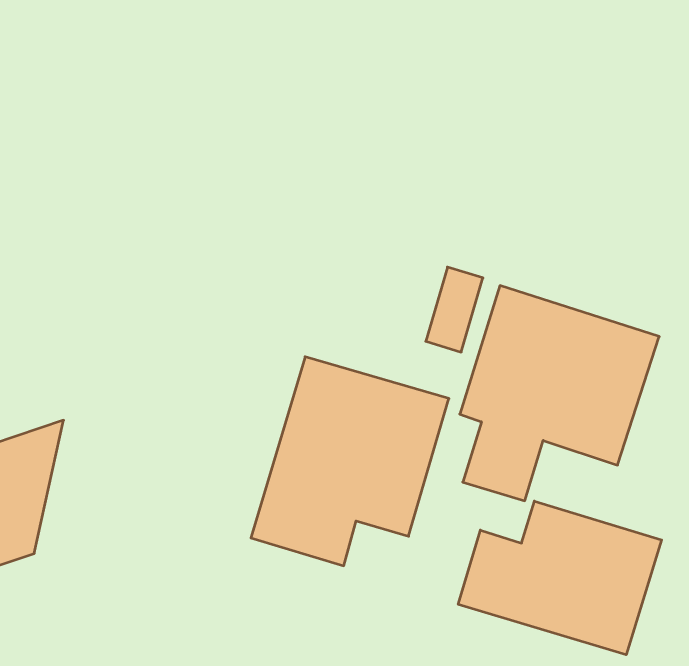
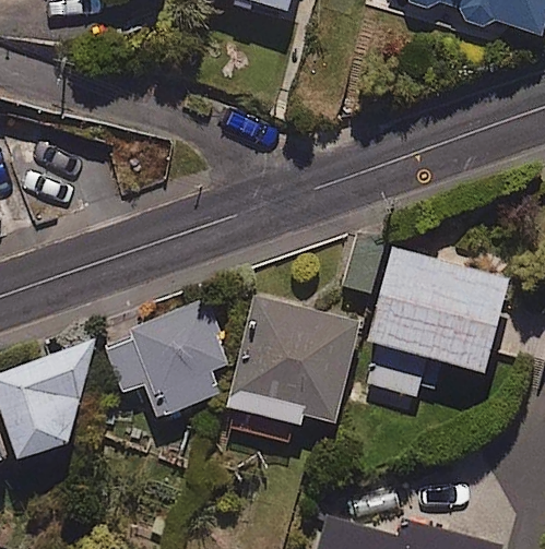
building: none -> [103,300,230,419]
building: [458,501,662,655] -> none

